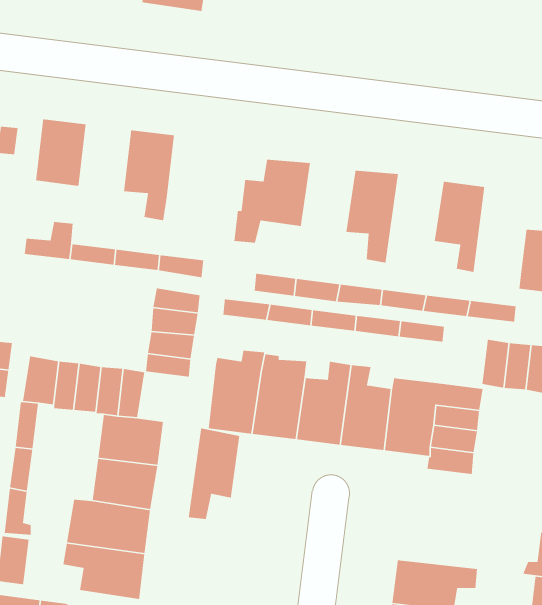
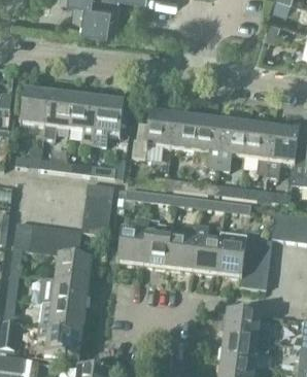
building: none -> [43,91,74,138]
building: none -> [93,97,129,147]
building: none -> [171,113,200,151]
building: none -> [218,119,249,170]
building: none -> [267,126,299,177]
building: [188,427,240,520] -> none
building: none -> [224,309,271,340]

